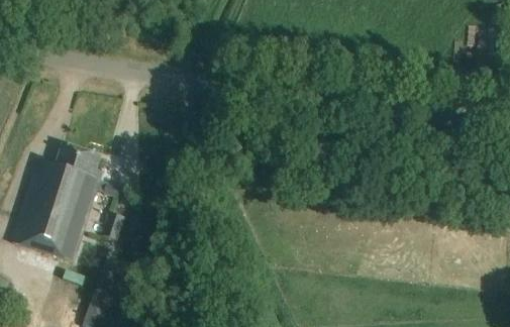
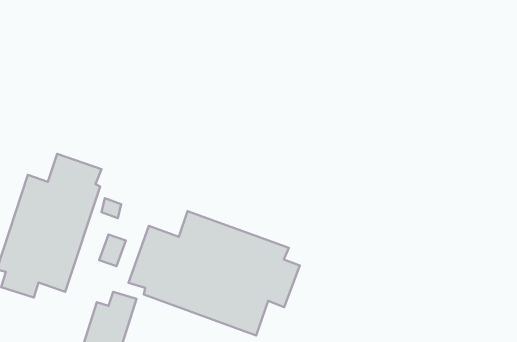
building: none -> [128,211,300,335]

